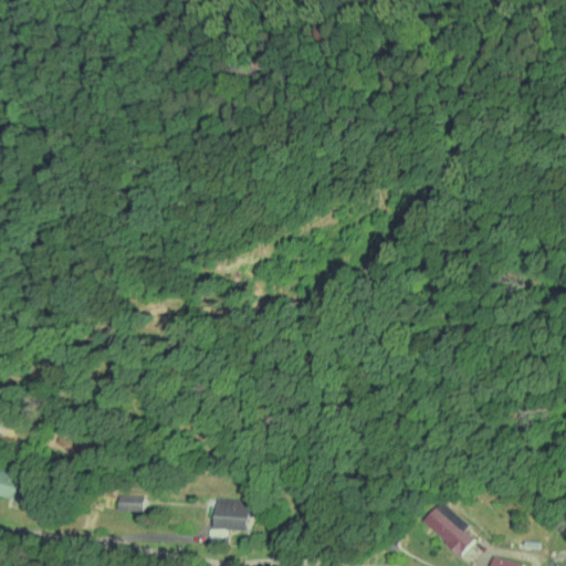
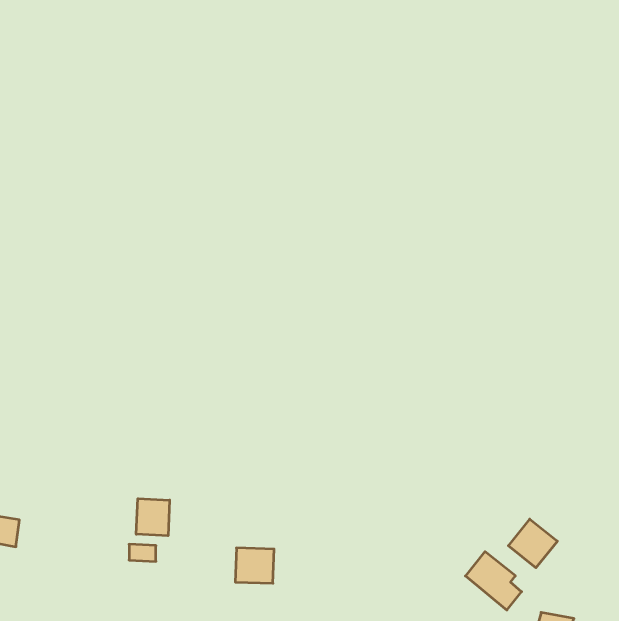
building: none -> [136,499,170,536]
building: none -> [508,519,557,568]

